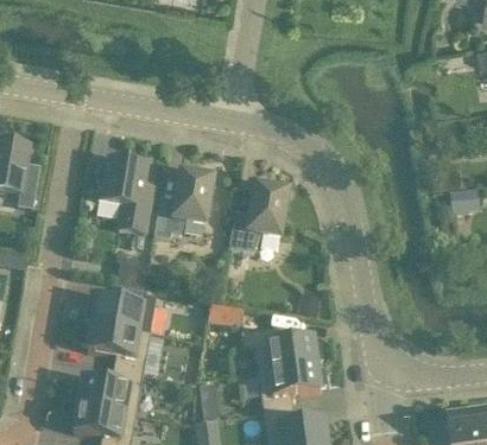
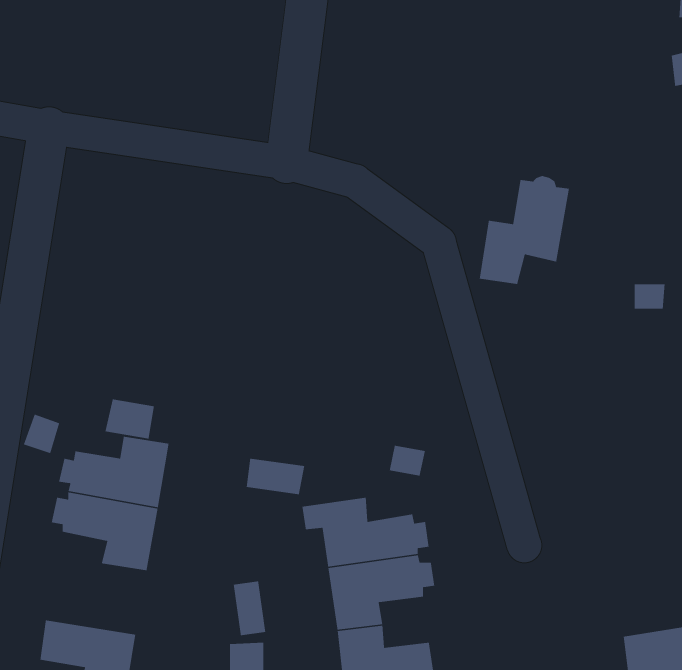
building: [96,161,150,236] -> none
building: [154,171,213,240] -> none
building: [229,184,287,254] -> [479,175,570,285]
building: [77,371,143,417] -> none

